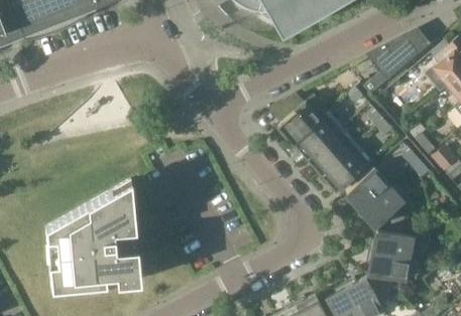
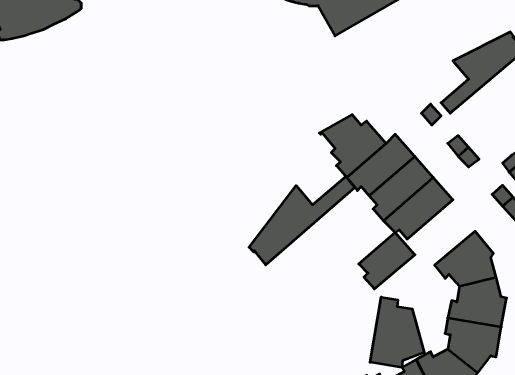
building: none -> [249,176,355,265]
building: [347,168,390,211] -> [359,232,415,289]
building: [47,180,142,290] -> none
building: none -> [370,297,424,367]

